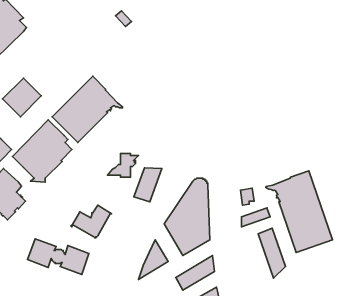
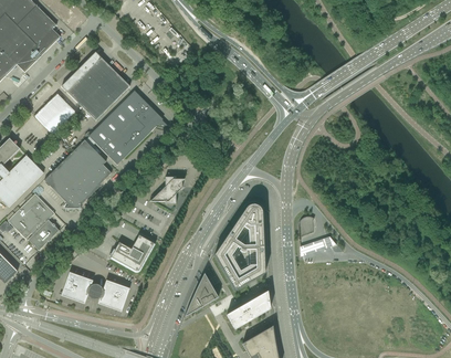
building: none -> [61,52,129,120]
building: [134,168,162,202] -> none
building: [266,171,333,252] -> none
building: [258,228,285,278] -> none

